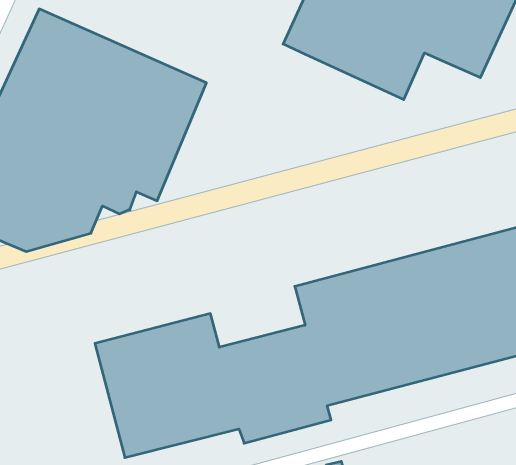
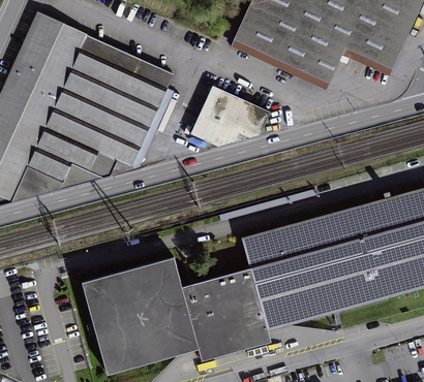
building: none -> [190,84,270,150]

